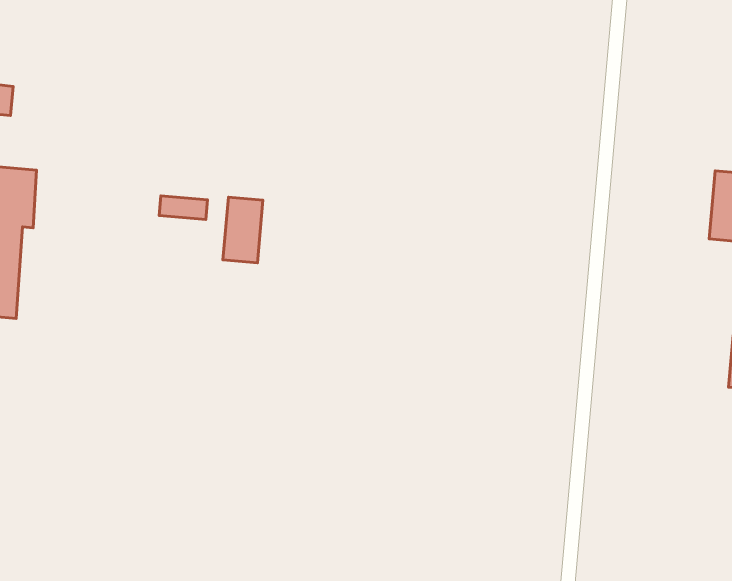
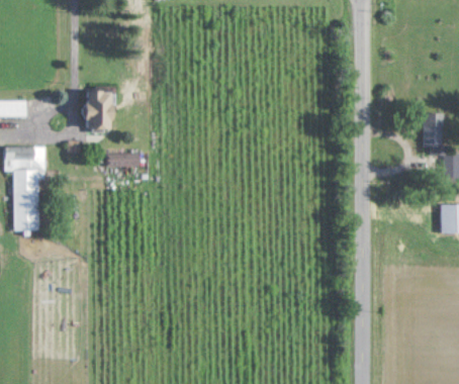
building: none -> [88,91,113,131]
building: [223,197,263,263] -> none

